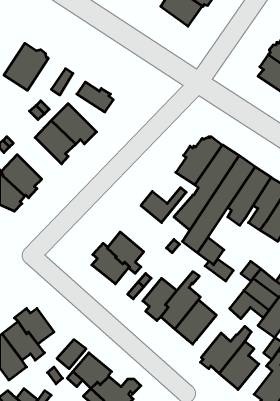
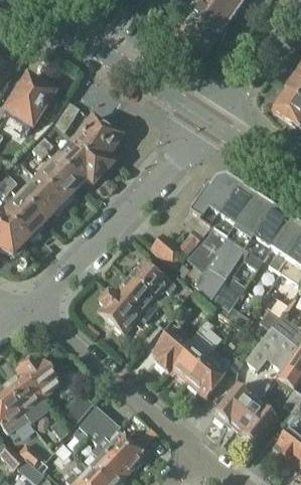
building: none -> [73,129,113,169]
building: none -> [19,175,66,219]
building: none -> [129,258,176,297]

